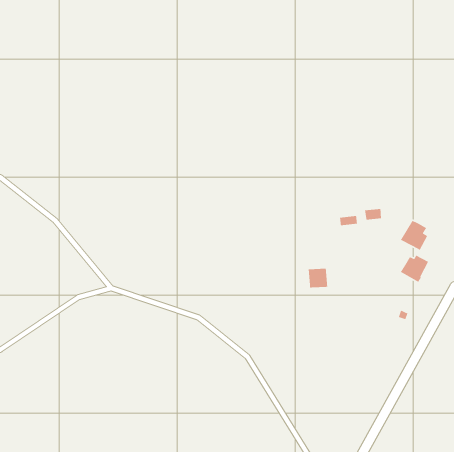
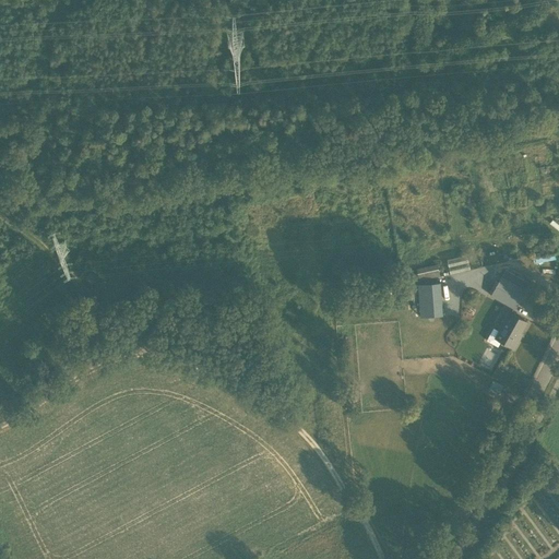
building: [308,268,328,289] -> [418,285,443,311]

